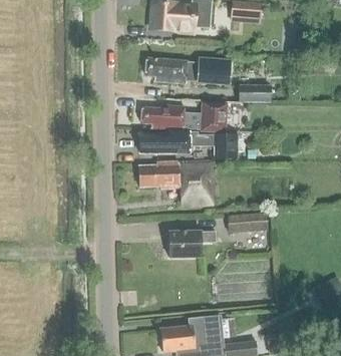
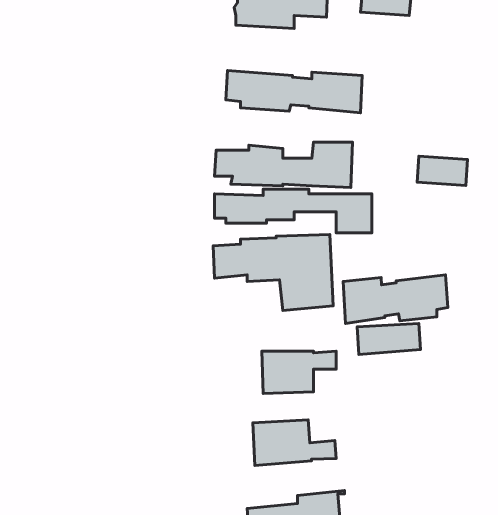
building: [240,84,271,102] -> [417,156,467,185]
building: none -> [343,275,448,323]
building: none -> [253,420,336,465]

